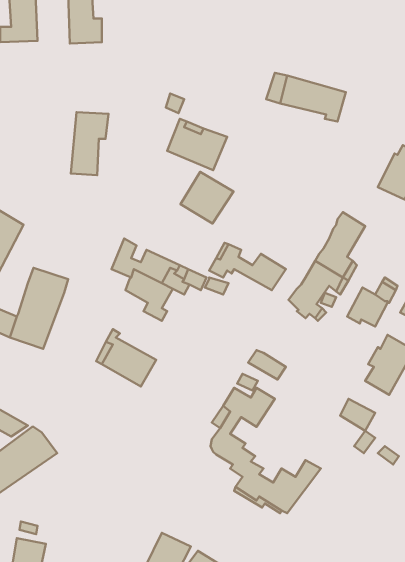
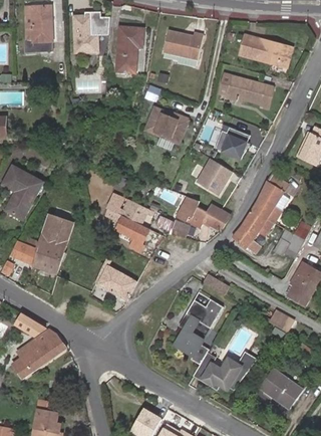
building: none -> [162,32,202,61]
building: none -> [241,35,291,67]
building: [71,112,108,175] -> [116,27,143,72]
building: none -> [213,124,250,160]
building: [181,172,234,224] -> [195,158,233,195]
building: none -> [260,369,303,408]

